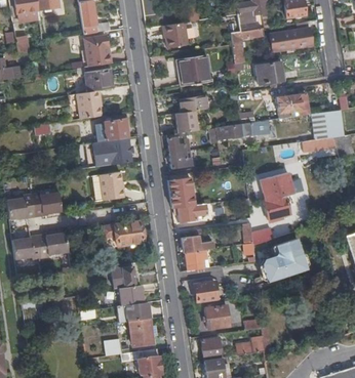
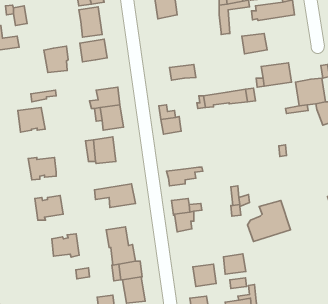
building: [182,53,216,85] -> none
building: [78,90,104,118] -> [44,46,68,73]
building: [175,110,197,133] -> none
building: [260,172,295,218] -> none
building: [168,177,194,208] -> none
building: [6,194,35,219] -> [18,108,45,132]
building: [12,236,41,260] -> [52,234,79,257]
building: [194,281,218,302] -> [223,254,246,274]

